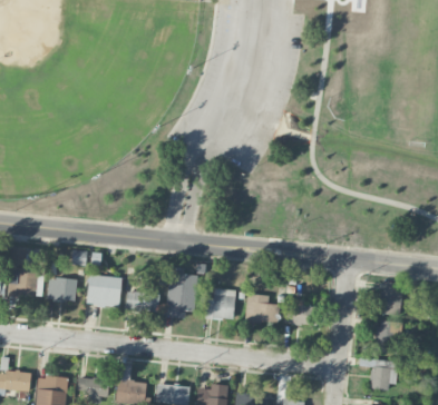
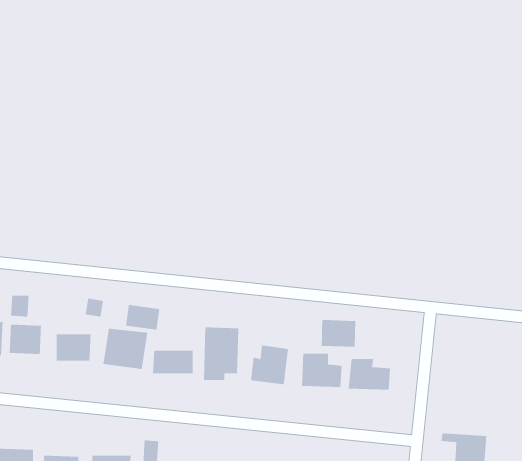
building: none -> [126,304,160,331]
building: none -> [321,319,356,348]
building: [382,283,402,315] -> none
building: [376,322,400,353] -> none

